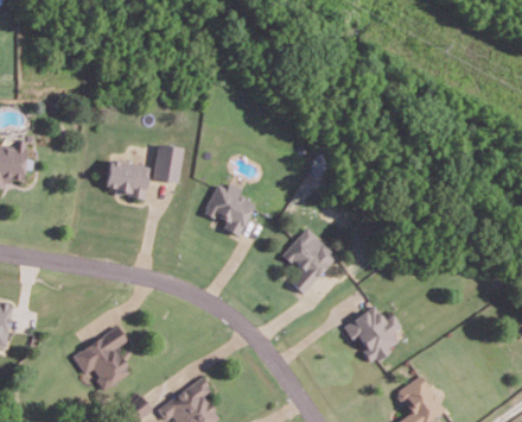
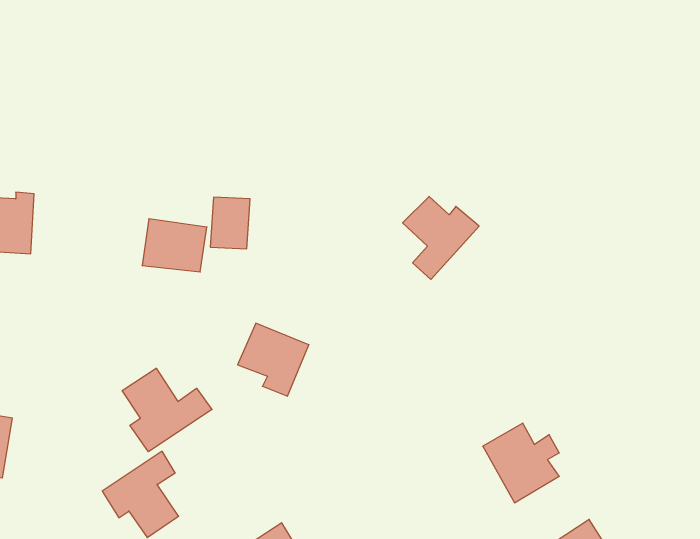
building: [203,184,254,237] -> [238,323,309,396]
building: [281,235,336,295] -> [403,196,479,279]
building: none -> [122,368,212,452]

